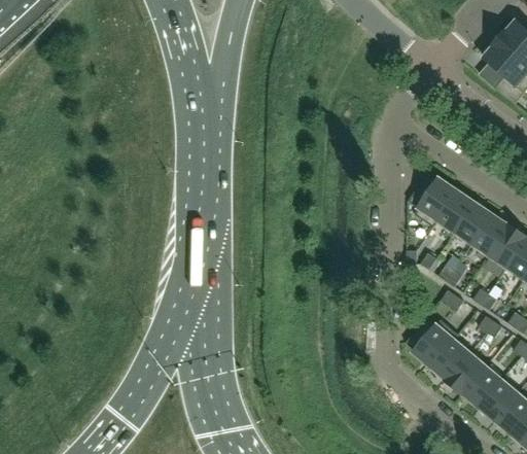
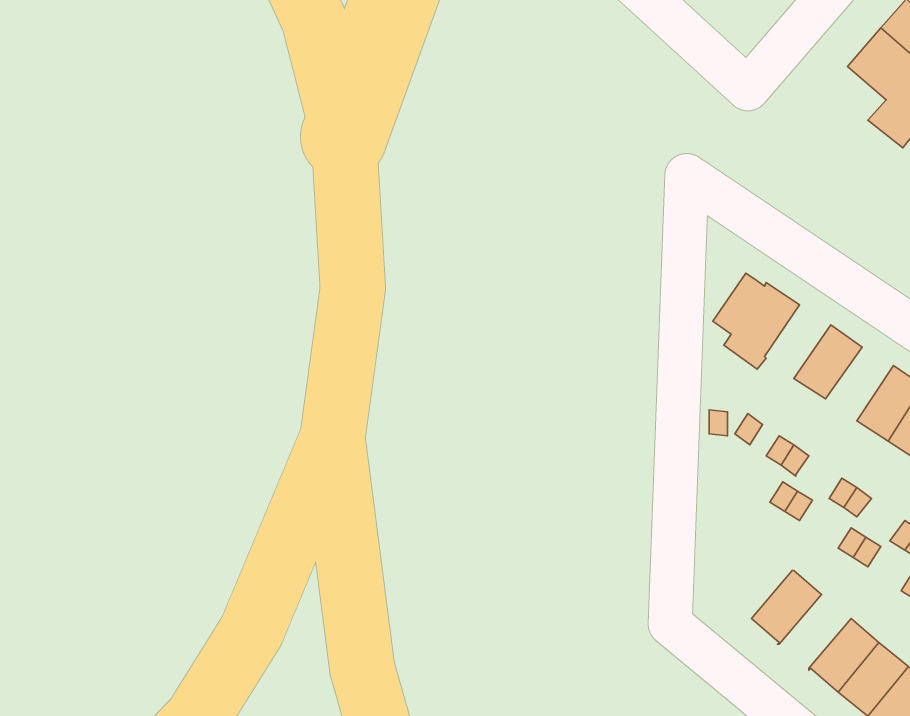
building: [438,191,476,233] -> none
building: [472,215,511,256] -> none
building: [407,317,460,366] -> none
building: [447,353,487,394] -> none

